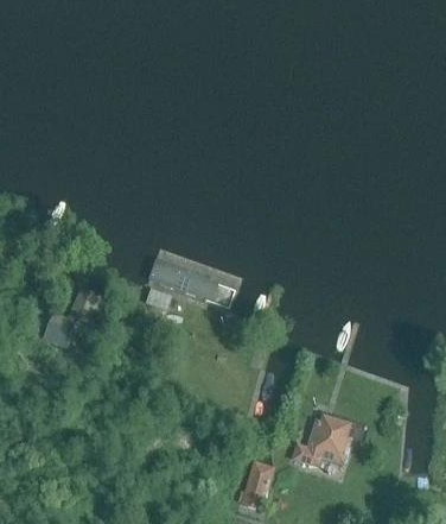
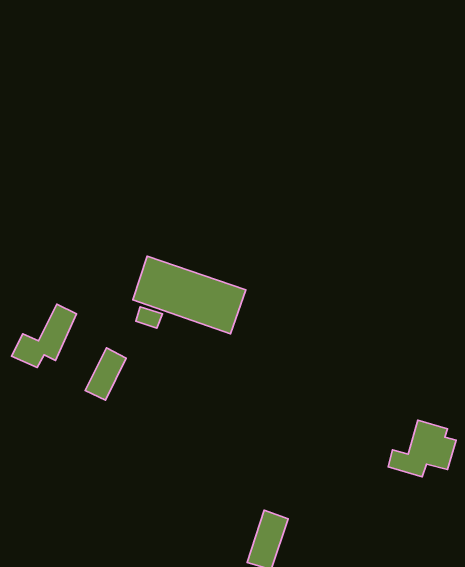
building: none -> [85,348,126,400]
building: [291,421,348,468] -> [388,420,456,477]

